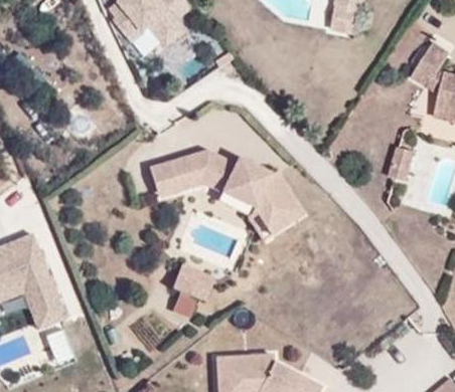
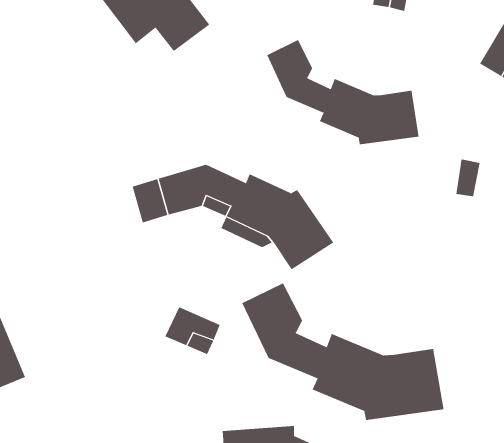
building: none -> [266,39,419,145]
building: none -> [241,282,444,421]

